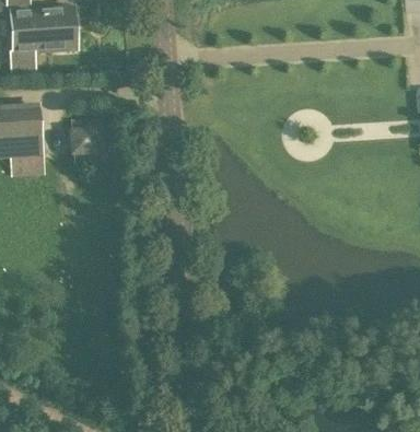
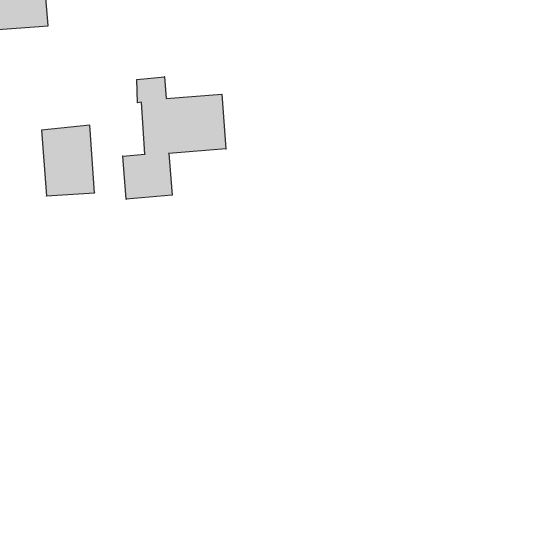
building: none -> [123,77,226,199]

